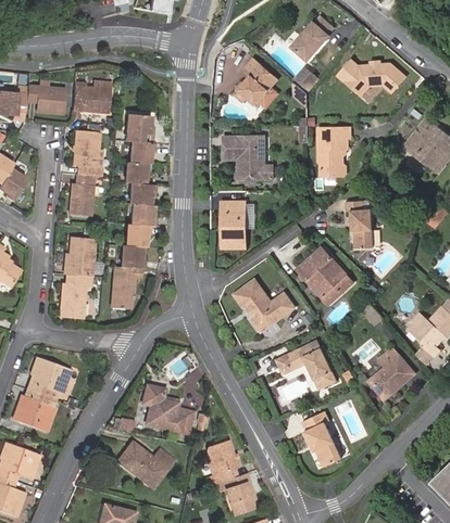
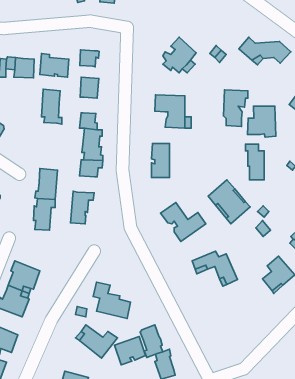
building: [292,14,335,59] -> none
building: [128,138,154,161] -> [80,50,99,67]
building: none -> [248,106,276,137]
building: [67,171,93,213] -> none
building: [121,242,145,266] -> none
building: [300,411,339,465] -> none
building: none -> [114,337,146,365]

